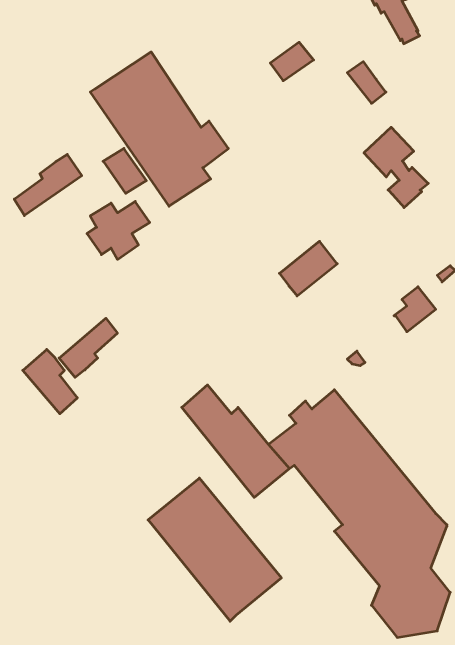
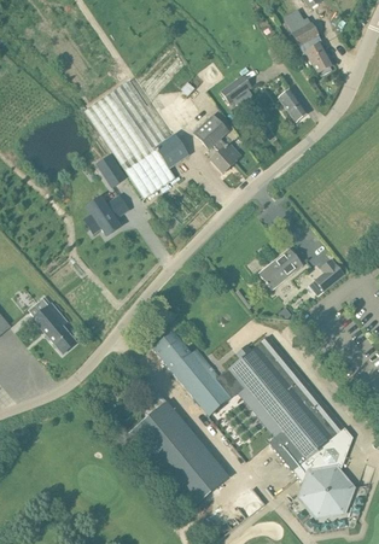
building: [364,127,428,208] -> [192,112,240,172]
building: [14,154,82,216] -> none
building: [279,241,337,296] -> [258,247,302,288]
building: [59,318,117,377] -> none

